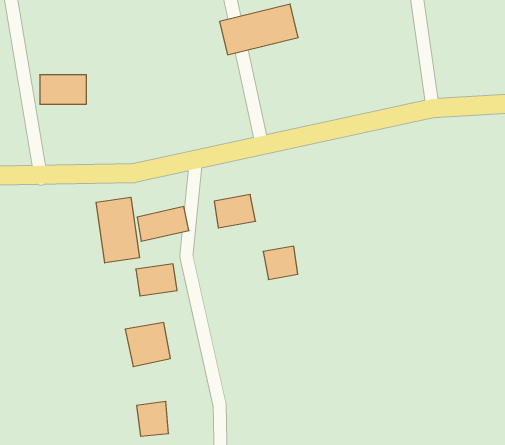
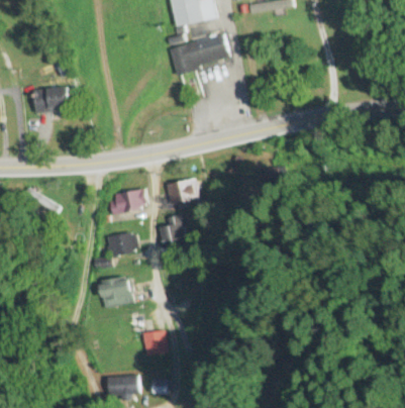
building: [96,197,139,263] -> none
building: [263,246,298,280] -> [160,220,186,245]
building: [137,402,169,436] -> [142,329,167,355]

